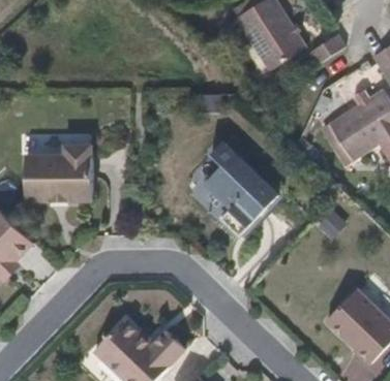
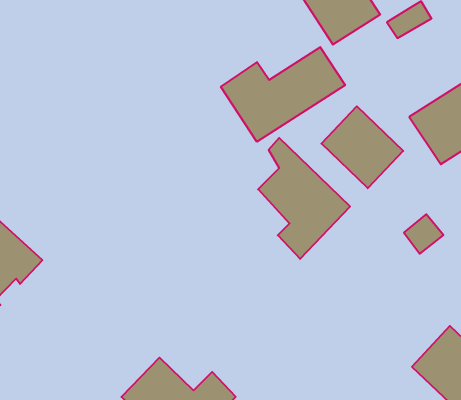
building: none -> [221,47,345,142]
building: none -> [321,106,403,188]
building: [27,144,94,200] -> none

